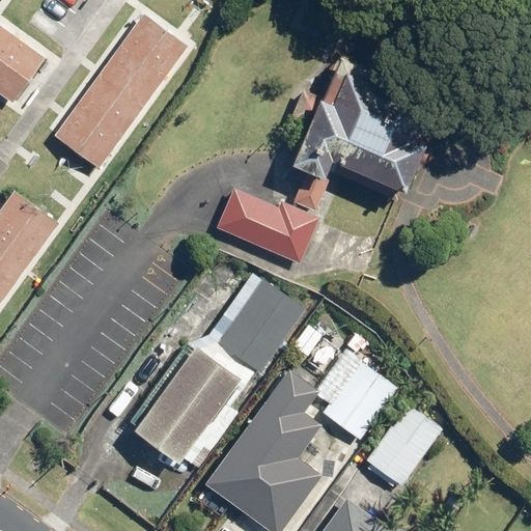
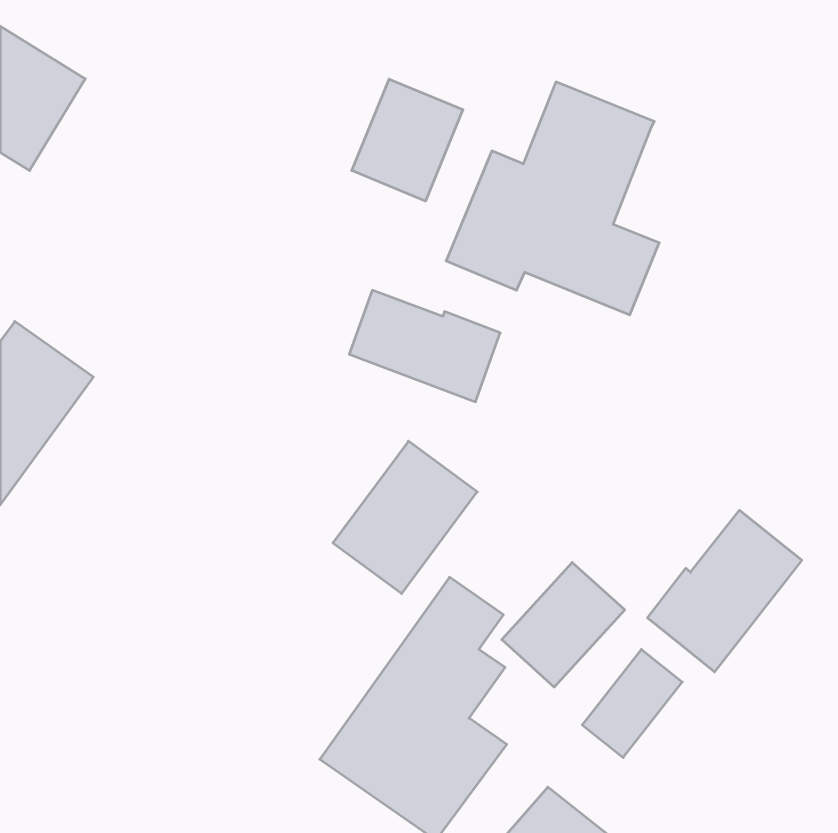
building: [52,13,179,161] -> none
building: none -> [352,79,463,201]
building: none -> [648,510,802,672]
building: [132,355,243,473] -> none

